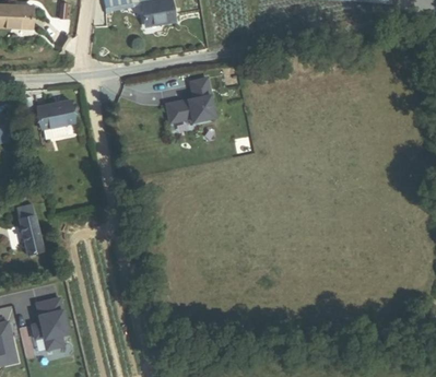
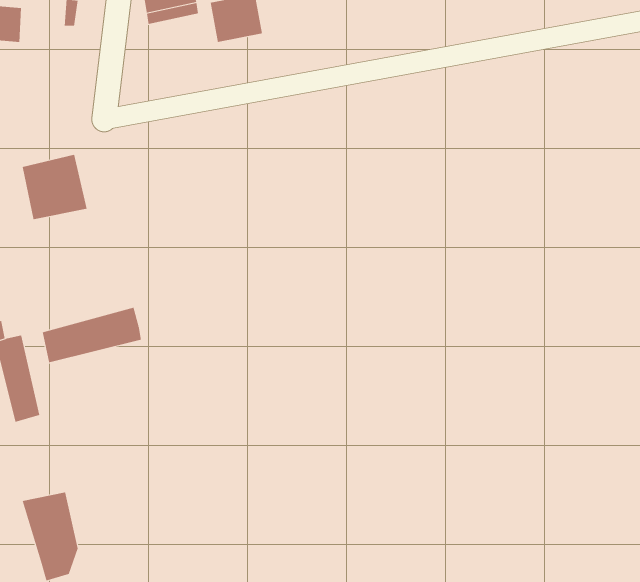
building: [162,75,215,123] -> none
building: none -> [42,307,142,363]

